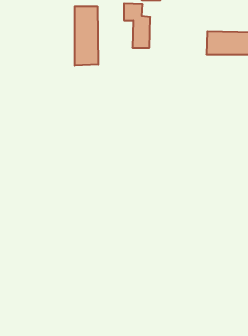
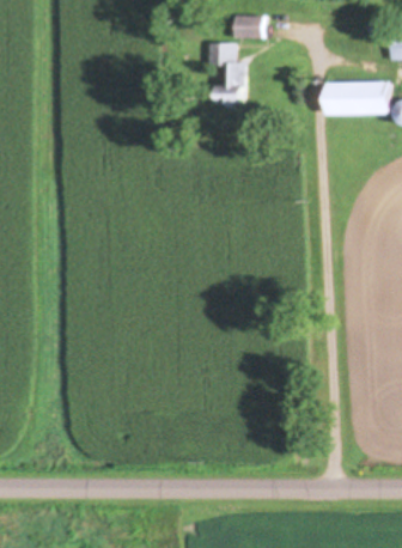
building: [75,6,98,66] -> none

